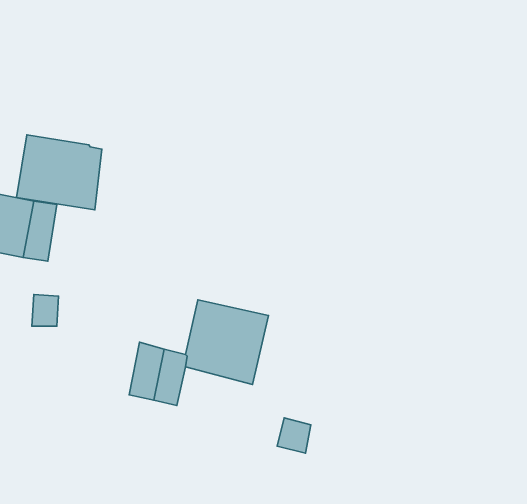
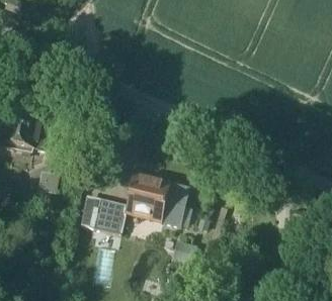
building: [17,135,102,210] -> none
building: none -> [162,182,189,224]

